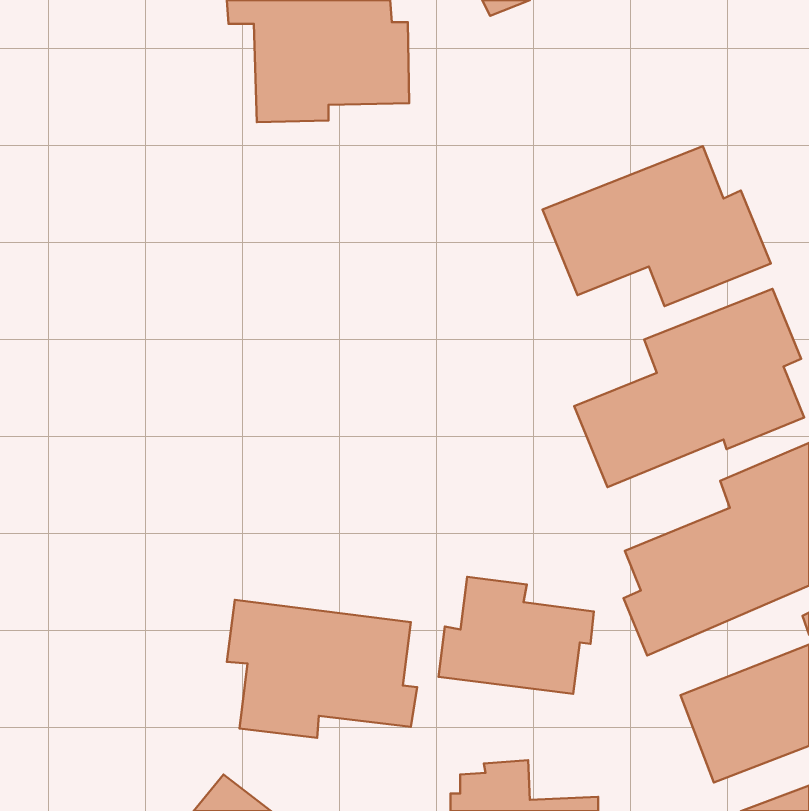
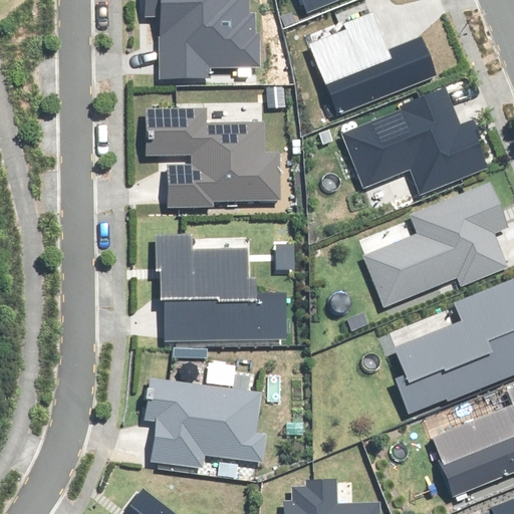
building: none -> [310,19,434,111]
building: none -> [145,107,279,206]
building: none -> [154,237,286,341]
building: [439,577,594,694] -> none

